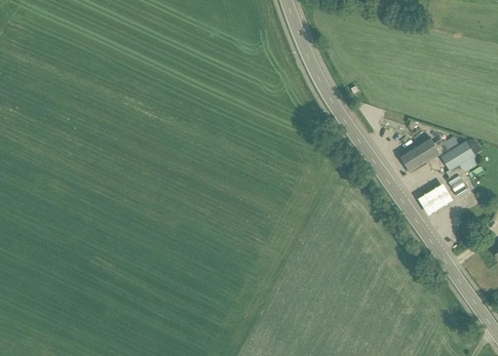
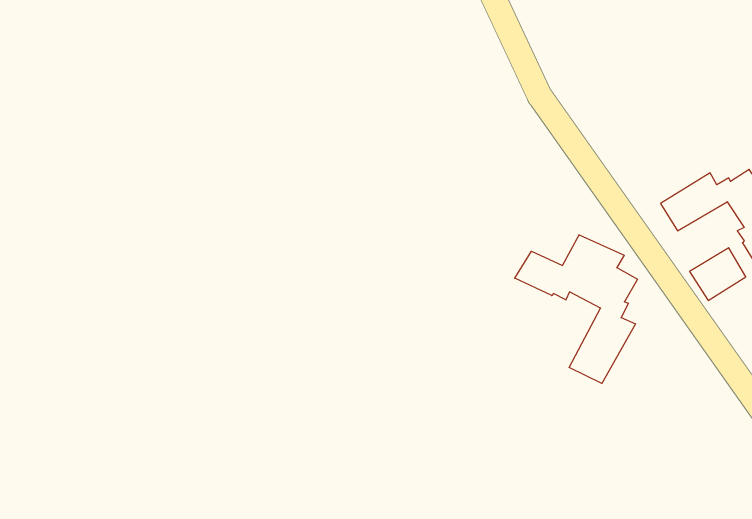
building: none -> [515,235,637,383]

